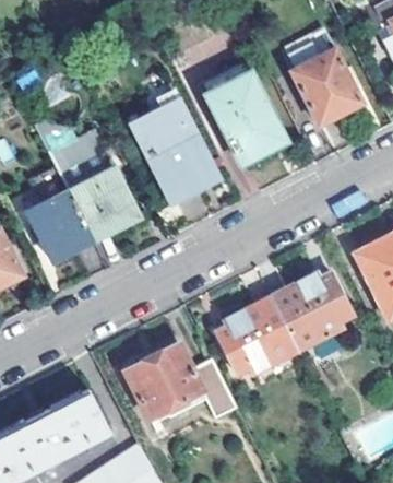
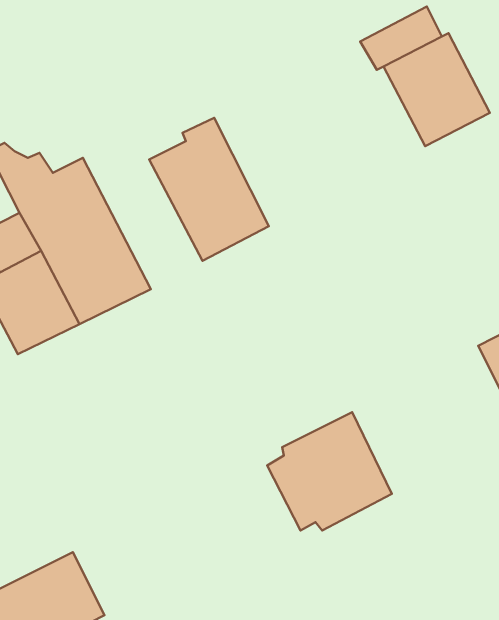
building: [207,74,285,164] -> none
building: [271,274,352,352] -> none
building: [124,343,234,420] -> none

